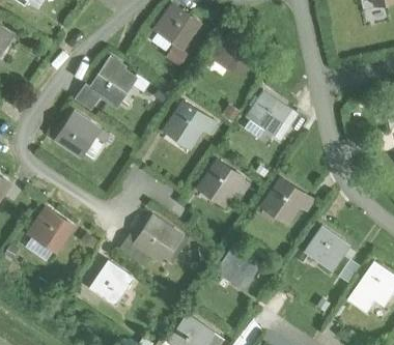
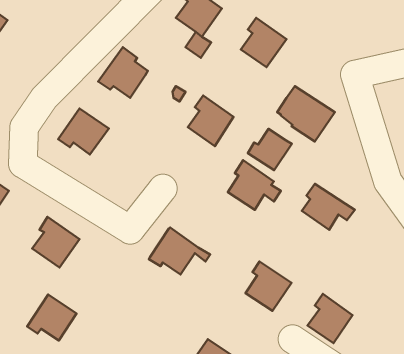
building: none -> [248,129,292,170]
building: [309,227,348,270] -> [308,294,352,343]
building: [88,261,132,301] -> [27,295,76,341]

